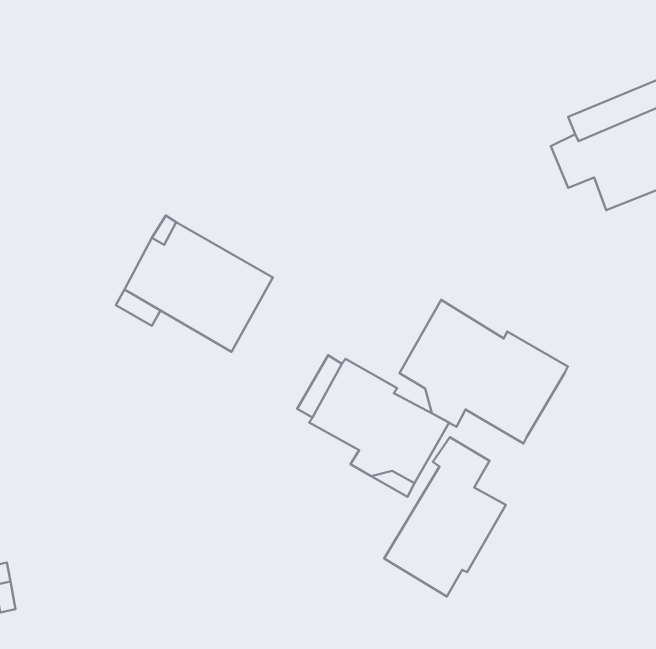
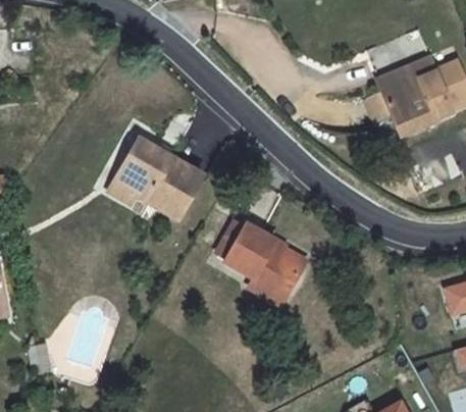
building: [400,300,568,444] -> none
building: [384,437,506,596] -> none

